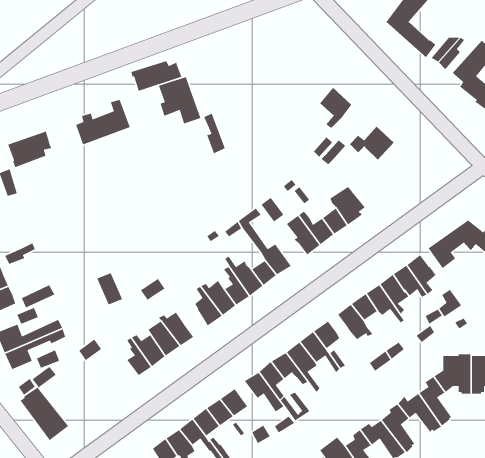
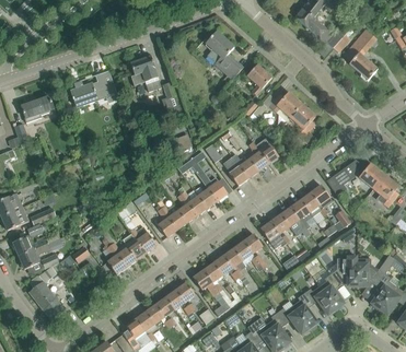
building: none -> [206,31,242,79]
building: [130,60,182,92] -> none
building: none -> [290,104,317,140]

